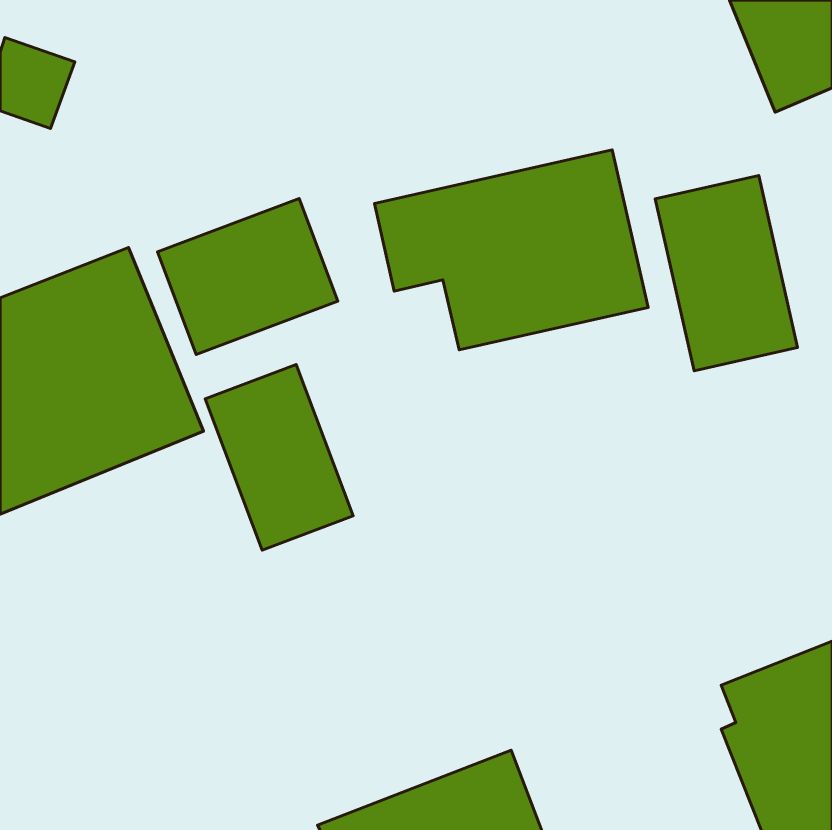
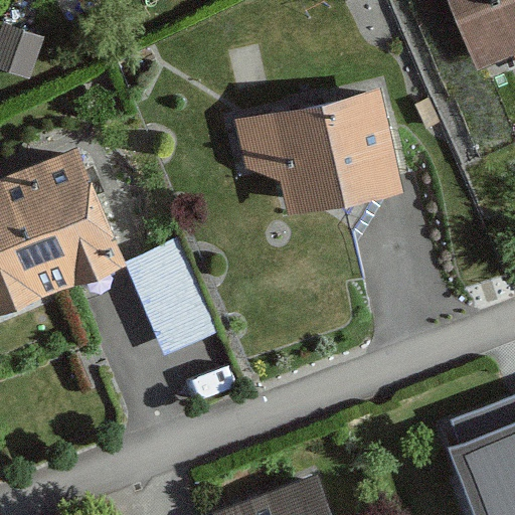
building: [655,175,798,371] -> none
building: [157,199,338,354] -> none

